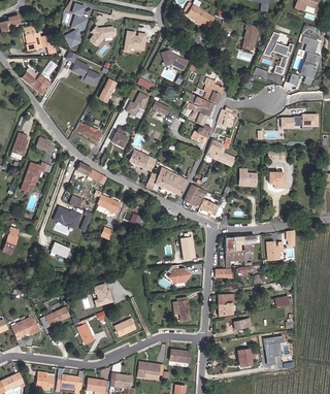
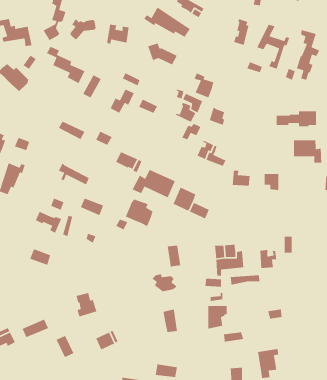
building: none -> [143,6,191,38]
building: none -> [293,139,322,163]
building: none -> [125,198,154,227]

